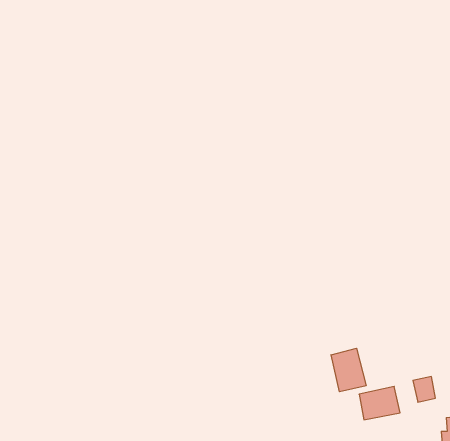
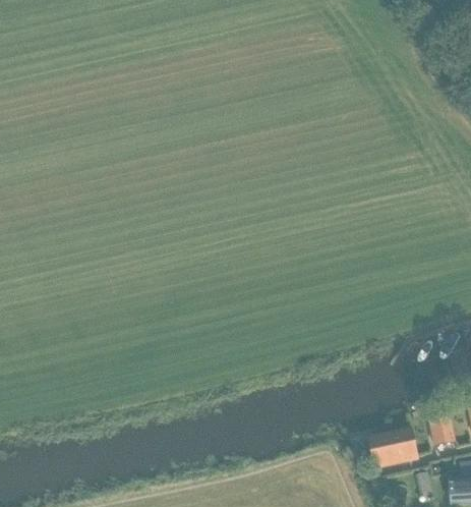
building: [331,348,366,392] -> none

